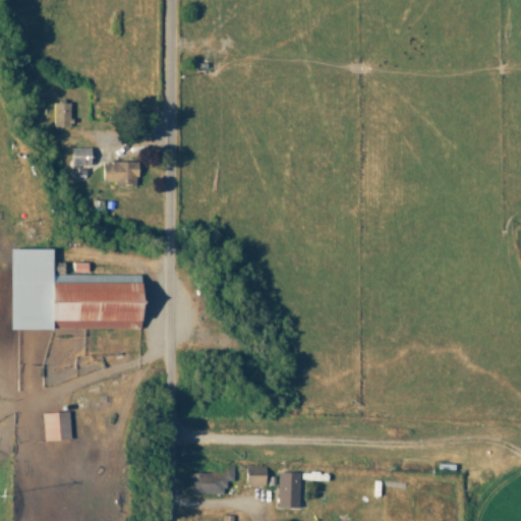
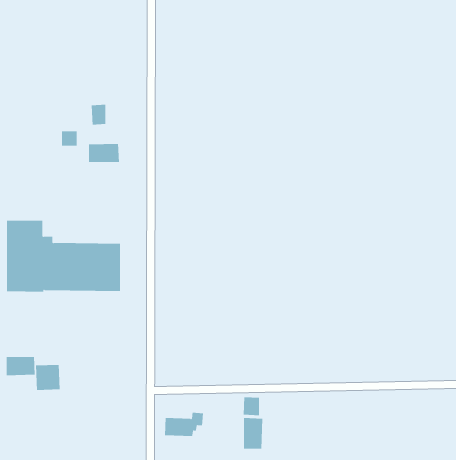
building: [56,103,73,126] -> [91,104,106,125]
building: none -> [6,356,35,376]
building: [248,465,268,486] -> [243,397,260,416]

